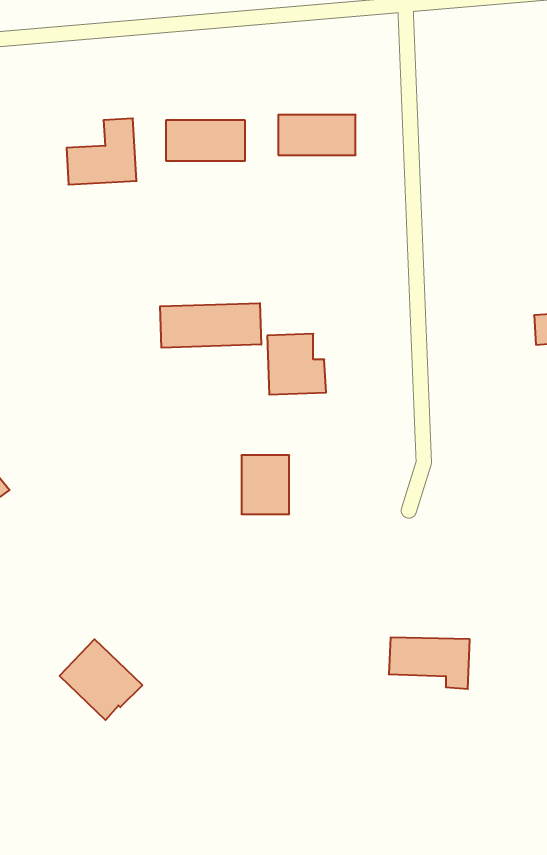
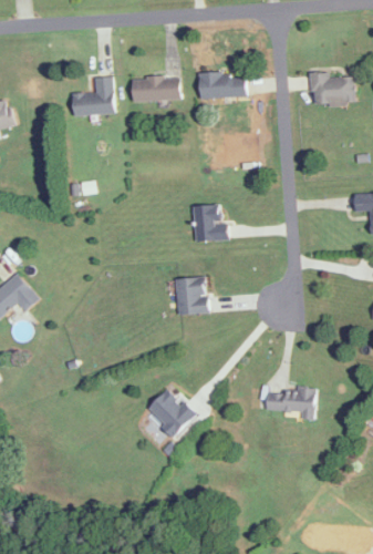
building: none -> [311,72,354,105]
building: [160,303,261,348] -> none
building: [60,639,142,720] -> [146,388,196,437]

